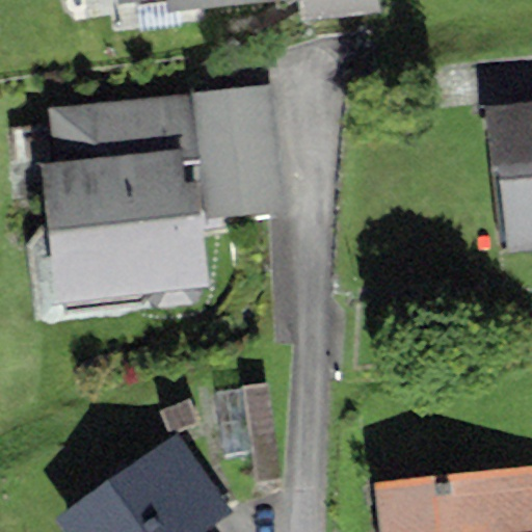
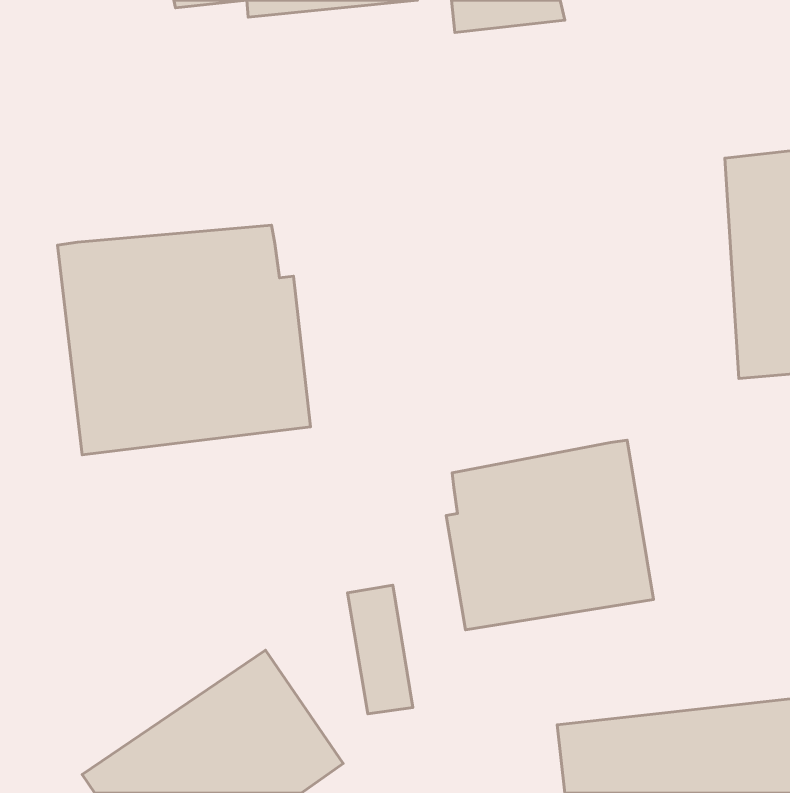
building: [50,95,200,163] -> none
building: none -> [446,440,654,630]

